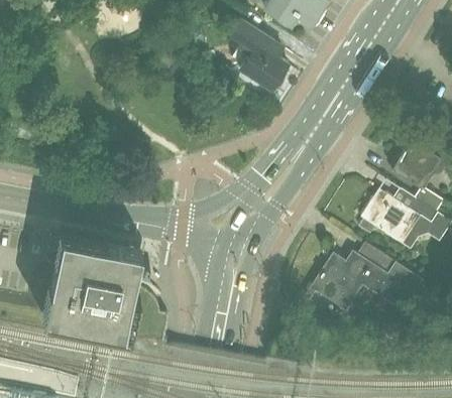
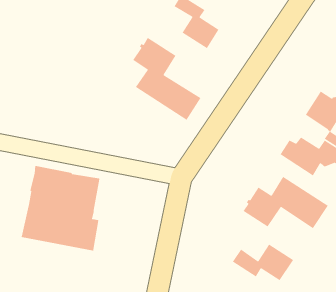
building: none -> [132,37,201,121]
building: none -> [232,244,294,281]

